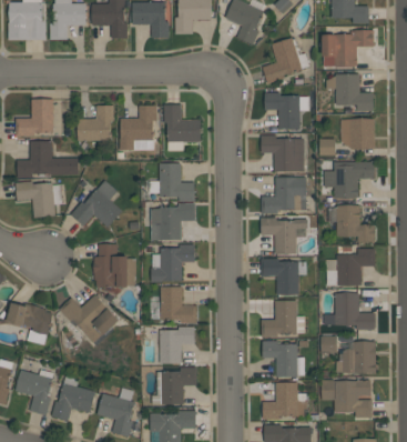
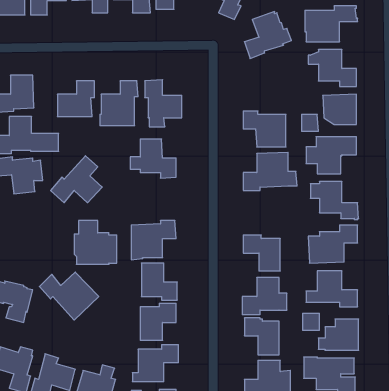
building: [265,92,309,130] -> none
building: [151,203,195,240] -> none
building: [261,218,307,254] -> none

